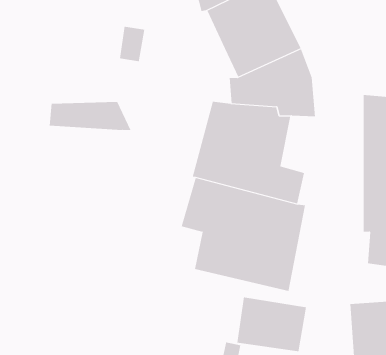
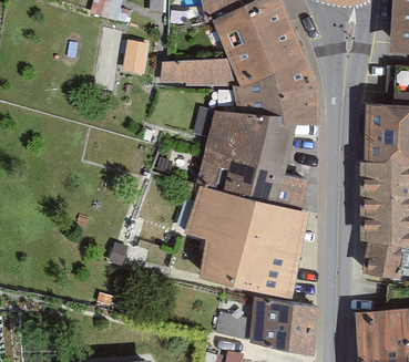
building: [49,101,131,130] -> [161,58,243,86]

